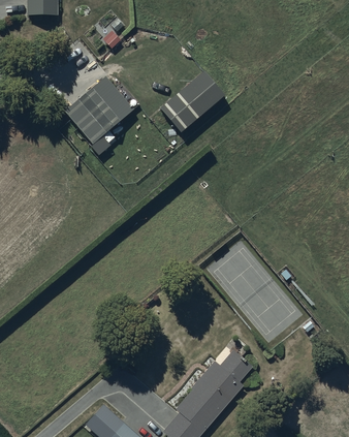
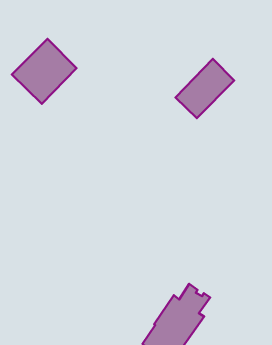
building: [160,70,224,131] -> [176,59,234,118]

